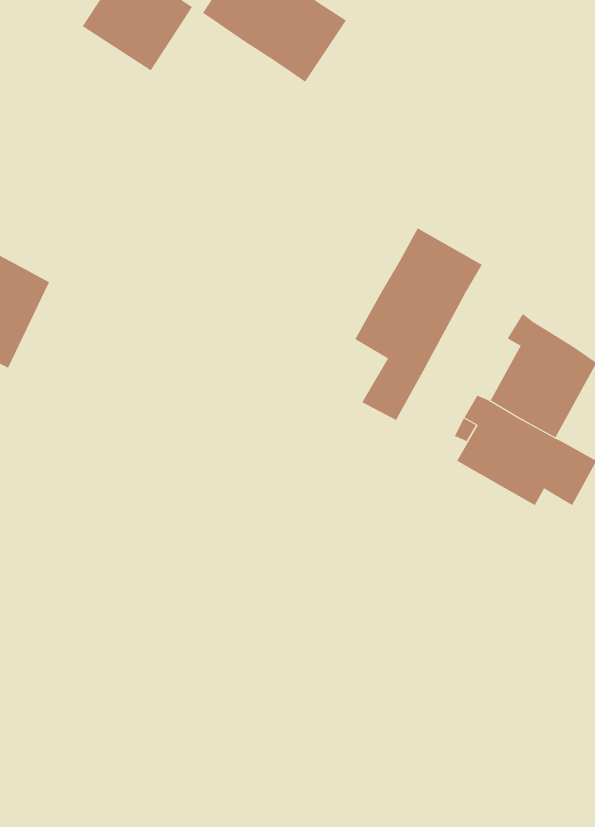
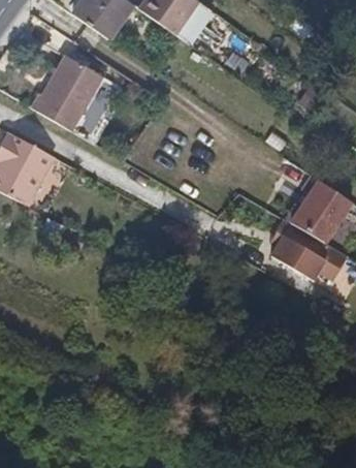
building: none -> [35,45,110,125]
building: [354,228,483,421] -> none

